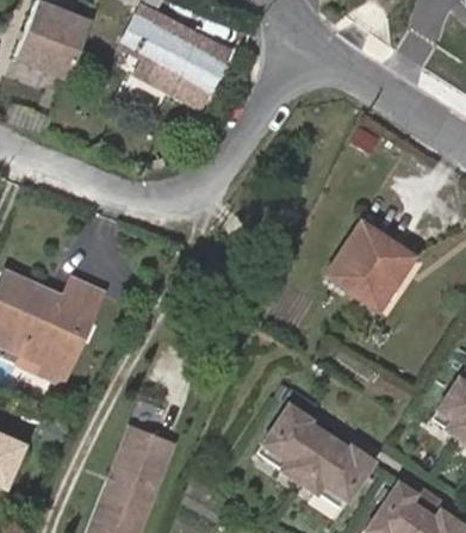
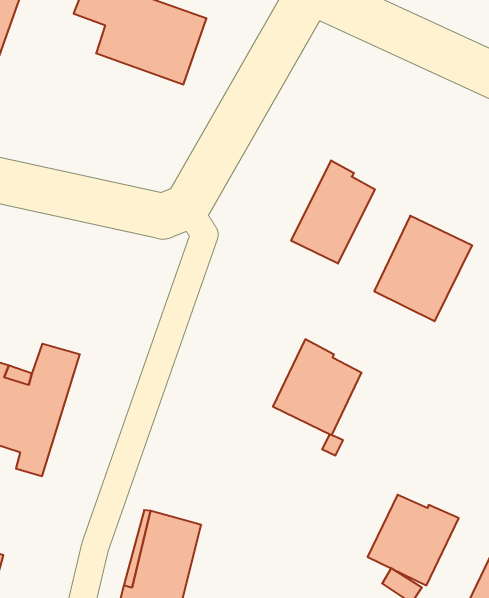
building: none -> [291,160,375,264]
building: [257,403,328,478] -> [273,339,362,435]

